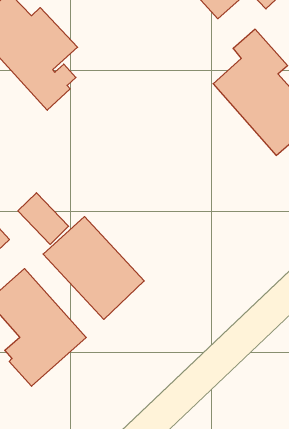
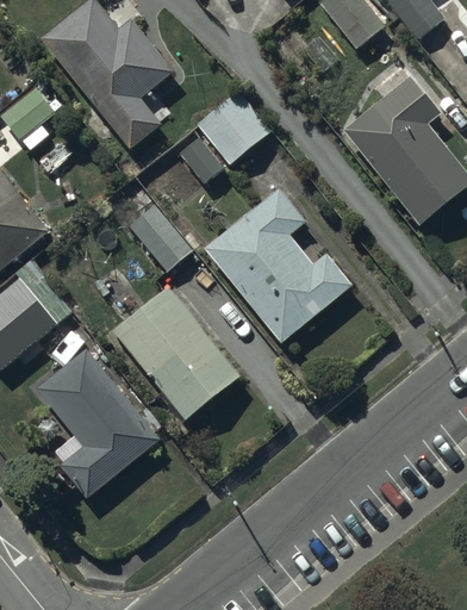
building: none -> [179,91,270,183]
building: none -> [204,188,353,342]
building: [18,193,69,244] -> [129,204,192,270]

